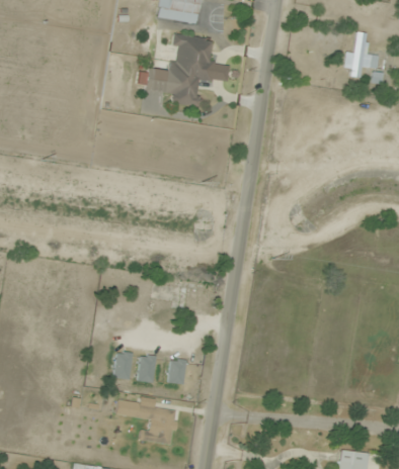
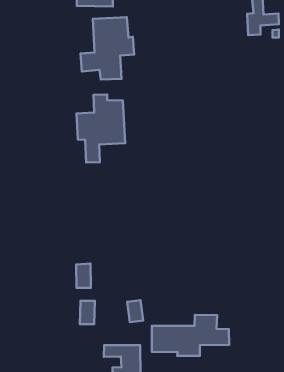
building: none -> [76,95,125,162]
building: [137,355,156,383] -> [76,264,91,288]
building: none -> [152,315,229,356]

